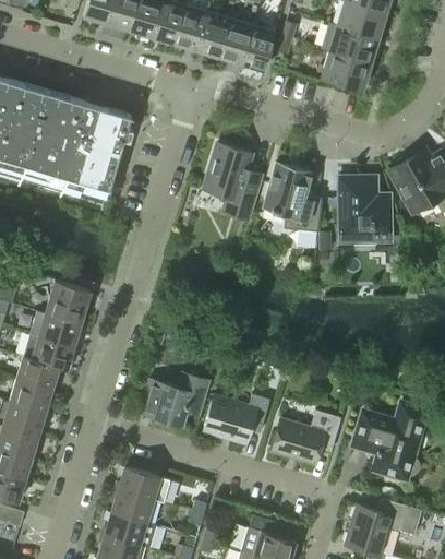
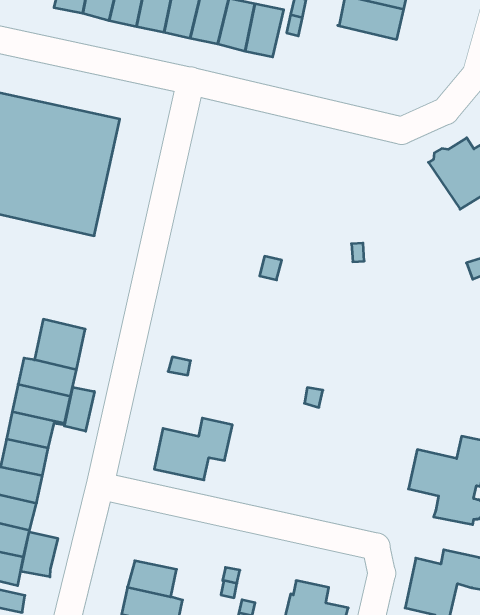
building: [322,48,371,90] -> none
building: [205,143,260,218] -> none
building: [264,163,323,231] -> none
building: [339,176,392,242] -> none
building: none -> [64,387,94,431]
building: [203,394,270,444] -> none
building: [272,411,342,464] -> none
building: none -> [21,532,58,577]
building: [119,465,171,502] -> none

